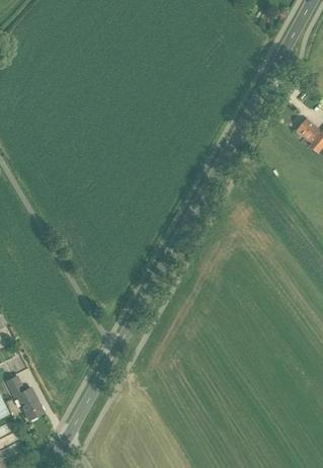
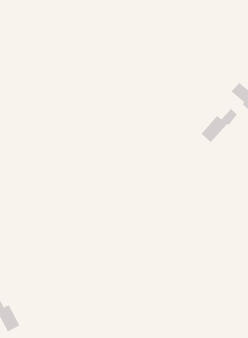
building: none -> [201,108,238,143]

